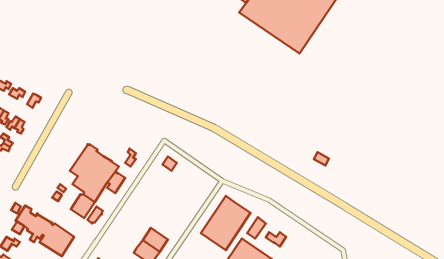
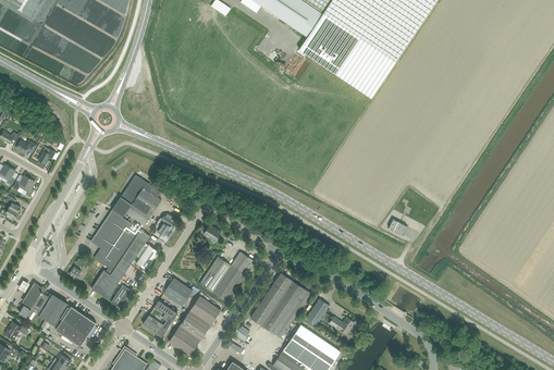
building: none -> [114,175,161,225]
building: none -> [199,251,255,301]
building: none -> [163,277,193,306]
building: none -> [189,296,221,325]
building: none -> [143,300,177,336]

